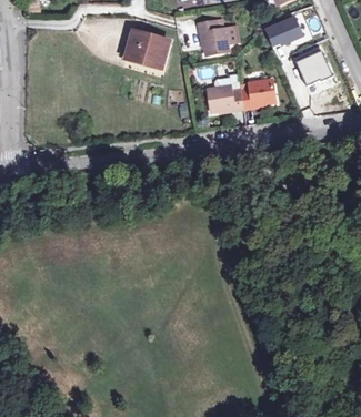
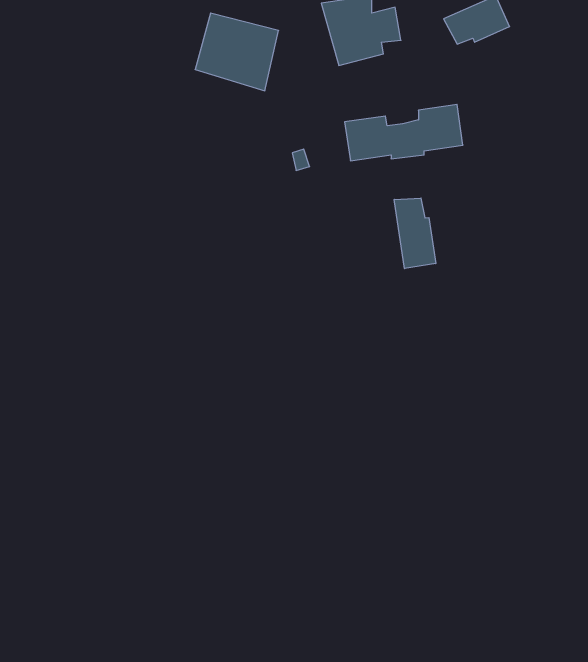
building: [293,47,332,85] -> none
building: none -> [394,198,436,269]

